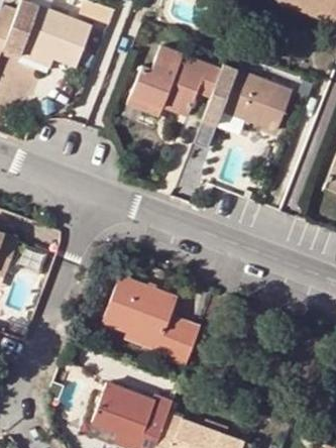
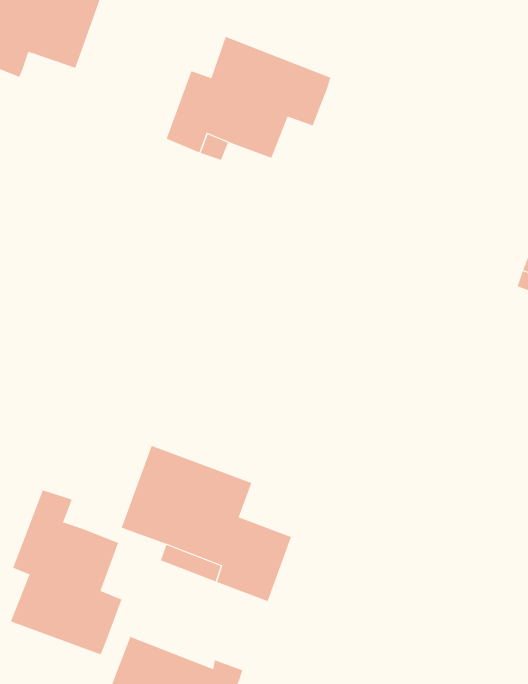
building: [205,70,292,130] -> none
building: none -> [10,489,122,655]

